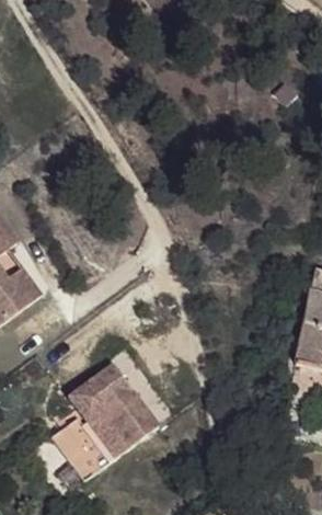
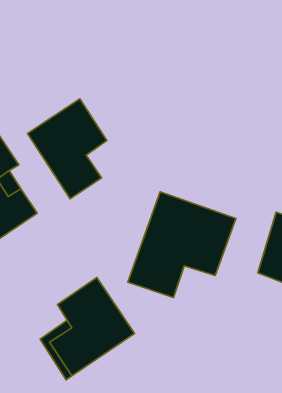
building: none -> [27,99,107,199]
building: none -> [128,192,236,298]

